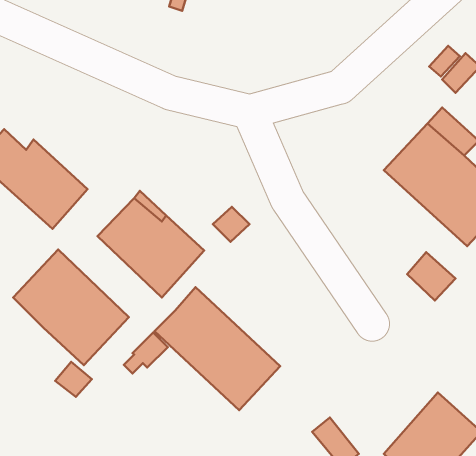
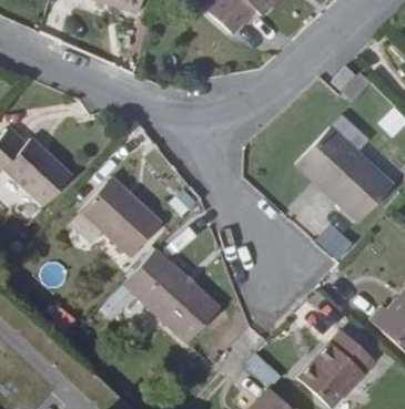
building: [13,249,129,365] -> none

